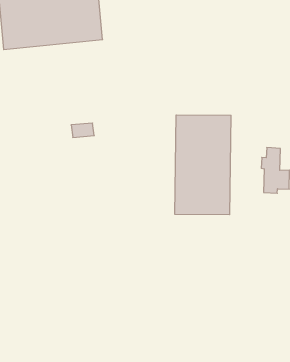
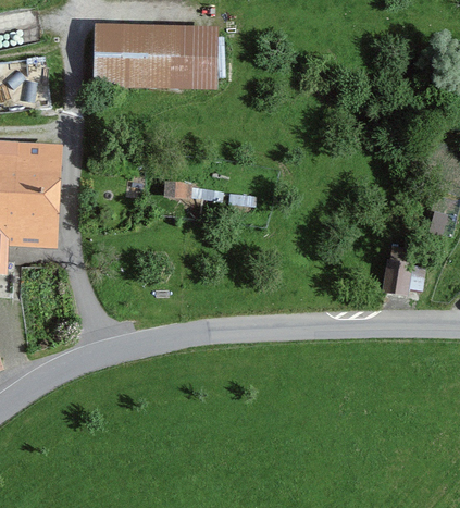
building: [175,115,231,215] -> none

